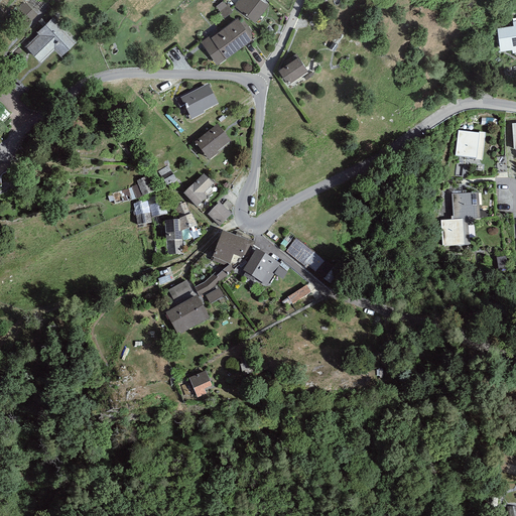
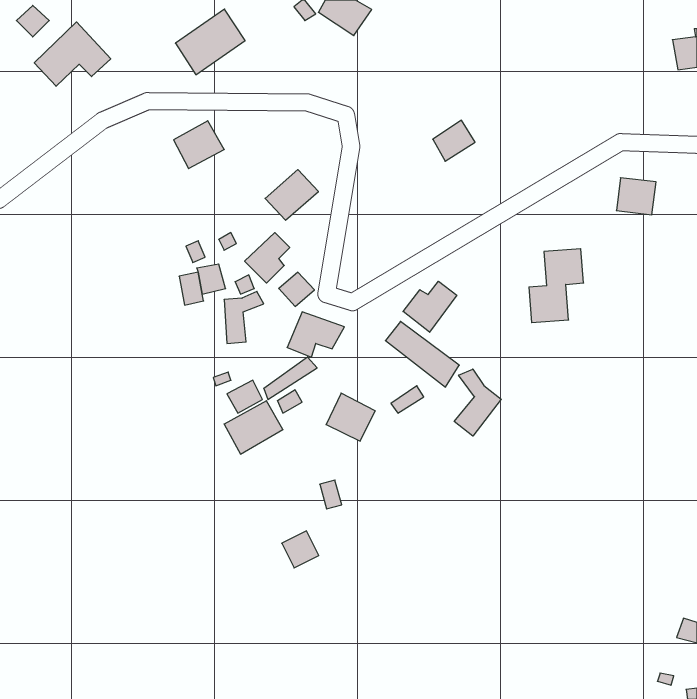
building: [204,17,255,66] -> [175,9,245,75]
building: [278,55,309,86] -> [433,120,475,161]
building: [185,87,223,122] -> [174,121,224,169]
building: [439,191,480,246] -> [529,249,584,323]
building: none -> [403,281,457,332]
building: [243,248,279,283] -> [326,393,375,441]
building: none -> [454,369,501,436]
building: [187,369,215,396] -> [282,531,319,568]

